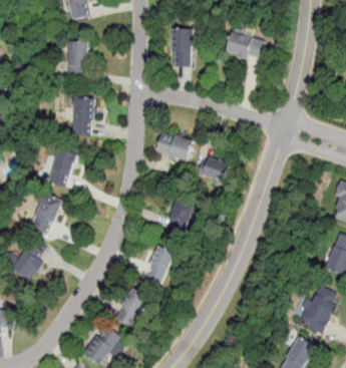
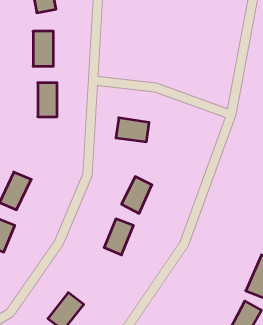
building: [170,27,192,67] -> none
building: [226,32,263,60] -> none
building: [45,147,78,189] -> none
building: [196,155,228,185] -> none
building: [111,287,148,328] -> none

